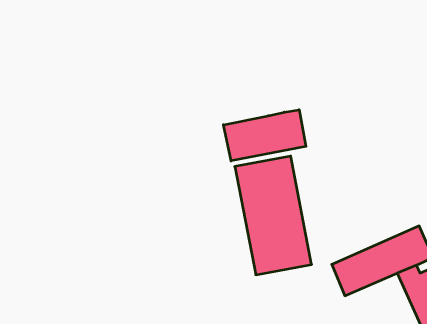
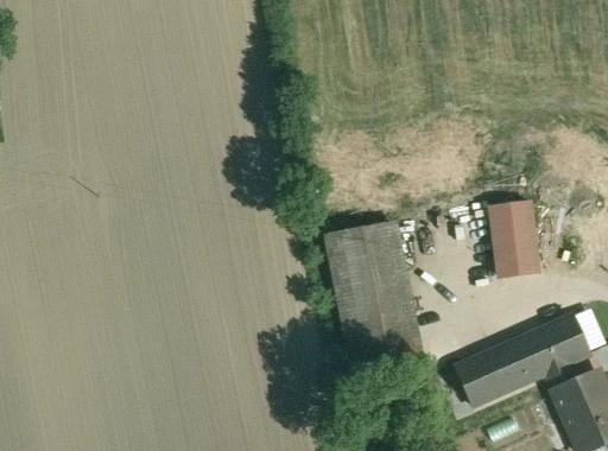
building: [223,110,306,161] -> none
building: none -> [486,198,542,277]

